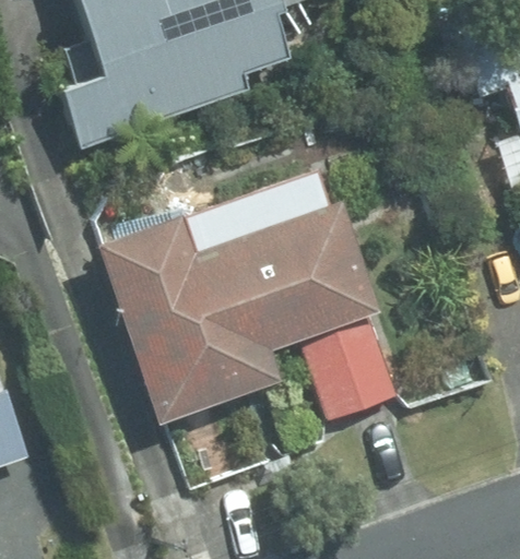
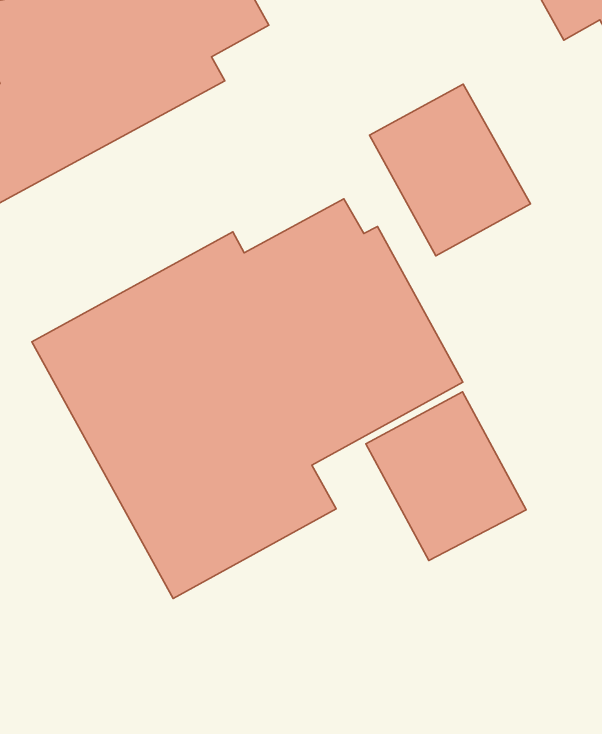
building: none -> [369,84,530,256]

